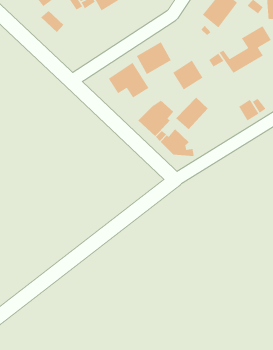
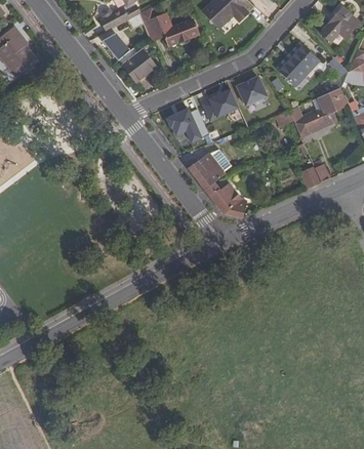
building: none -> [125,50,157,81]
building: [172,60,204,91] -> [235,76,268,108]
building: [175,97,208,130] -> none

